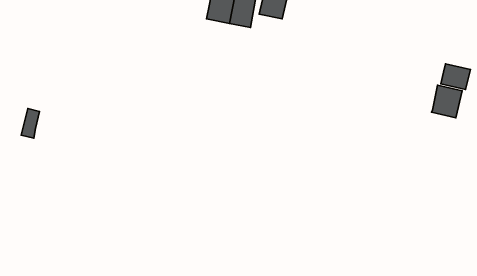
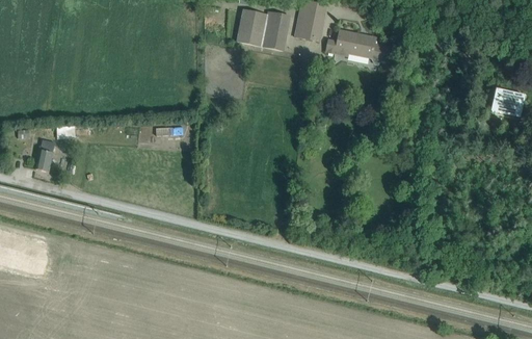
building: none -> [326,29,391,63]
building: [431,85,462,118] -> none

